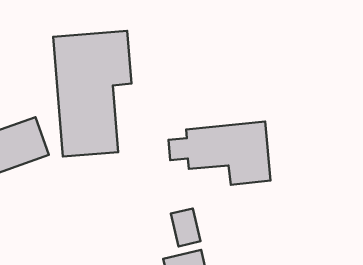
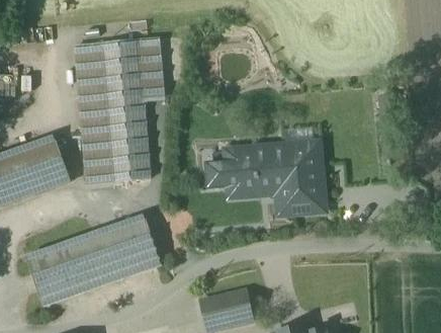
building: none -> [27,215,160,303]
building: [171,208,201,246] -> none

